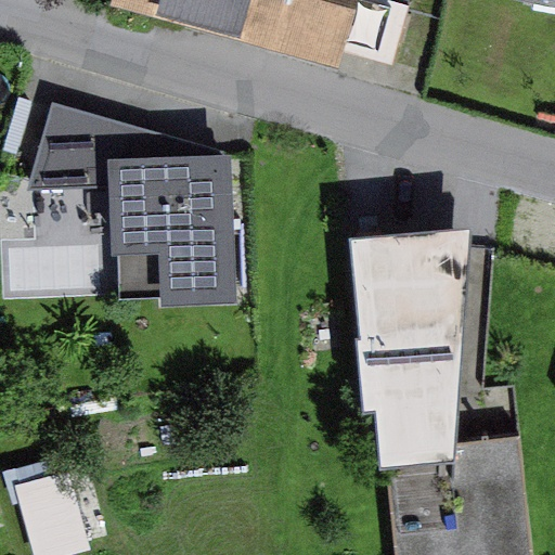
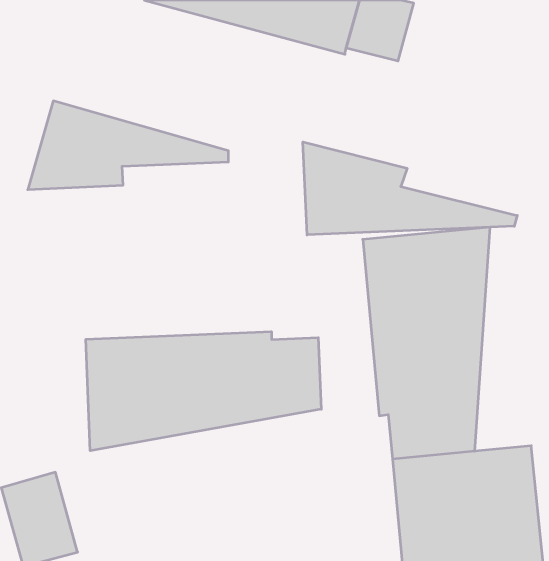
building: none -> [303,142,517,235]
building: [119,164,230,298] -> none
building: none -> [86,332,321,451]

